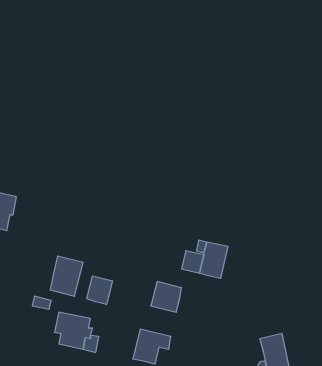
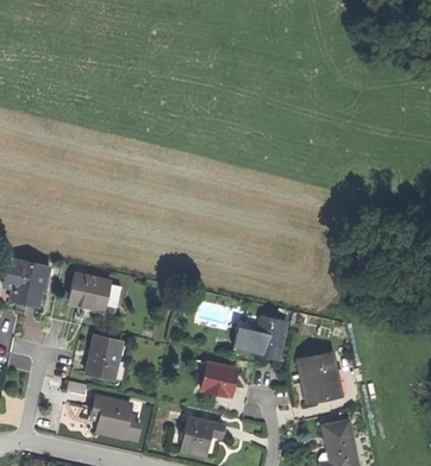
building: none -> [68,272,111,310]
building: none -> [299,352,341,401]
building: [87,276,113,305] -> none

